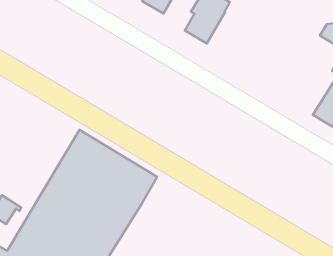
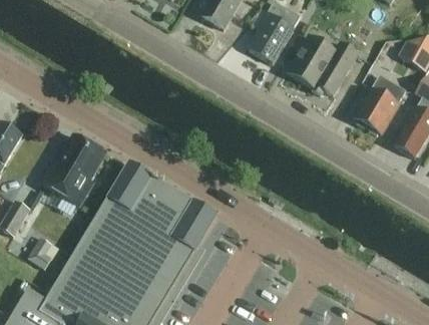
building: none -> [286,34,358,94]
building: none -> [354,75,405,133]
building: none -> [44,135,105,205]

